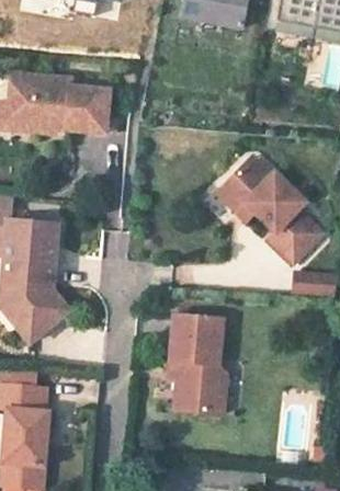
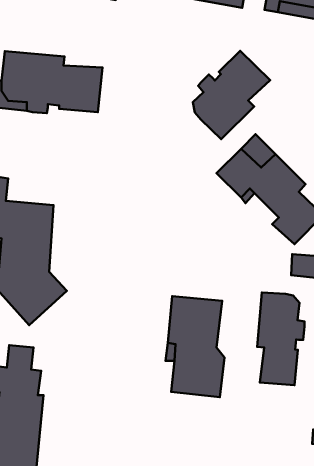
building: none -> [193,51,270,139]
building: none -> [257,292,304,385]

